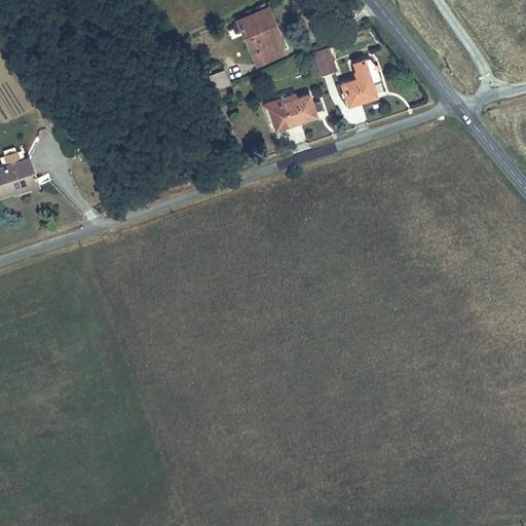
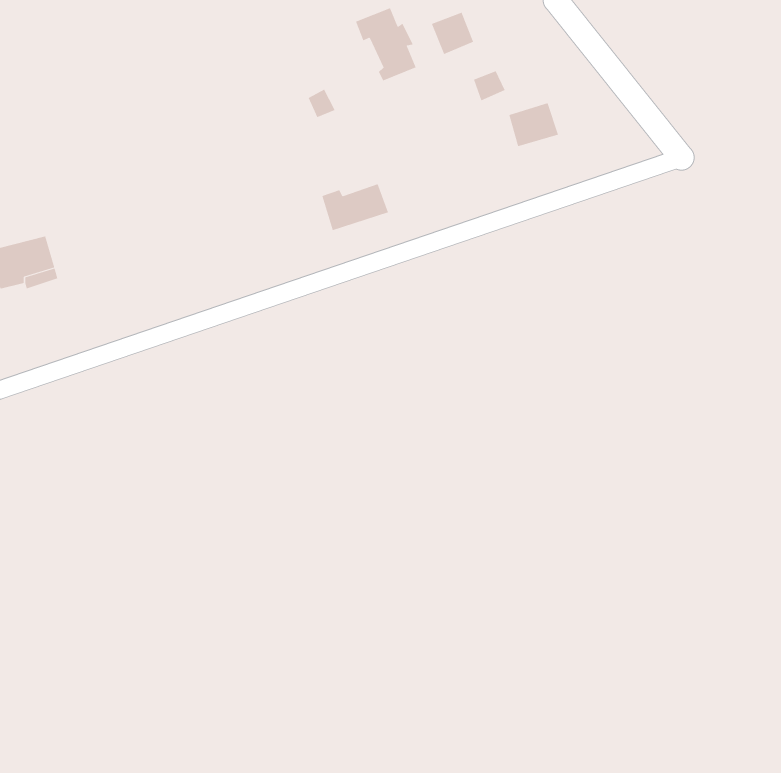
building: none -> [431,12,474,55]
building: [270,96,315,127] -> [321,183,389,231]

